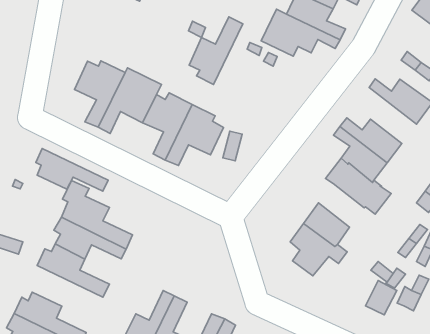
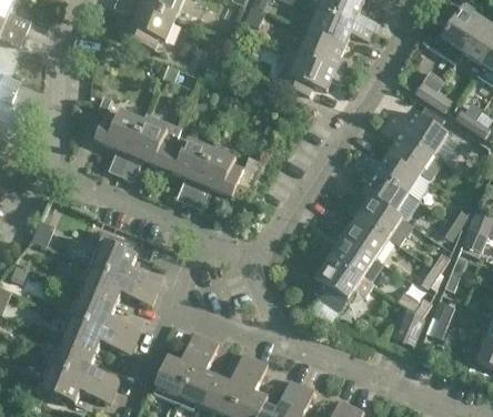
building: [189,17,243,84] -> none
building: none -> [380,121,443,180]
building: [36,148,108,191] -> [63,315,135,354]
building: none -> [342,217,388,260]

